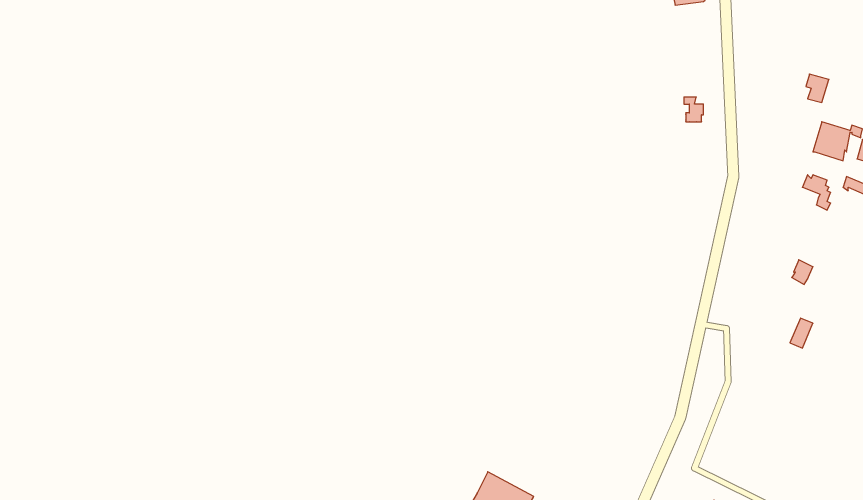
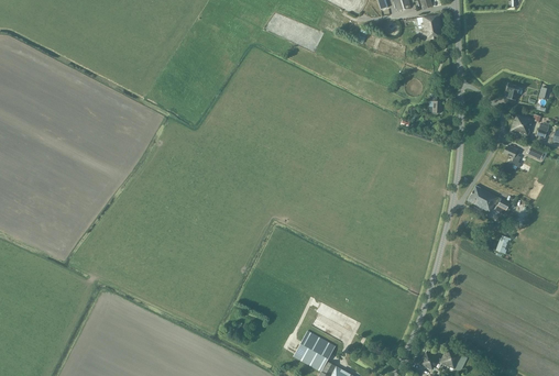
building: none -> [467,184,497,211]

